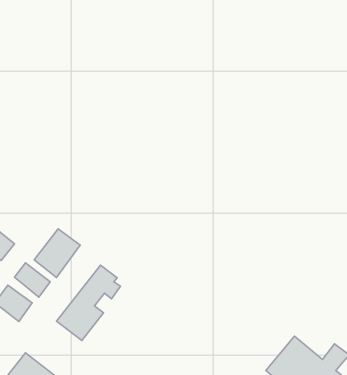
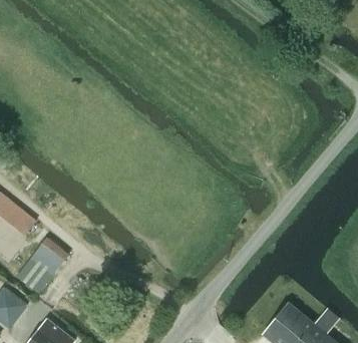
building: [34,229,80,278] -> none
building: [56,265,120,341] -> none

